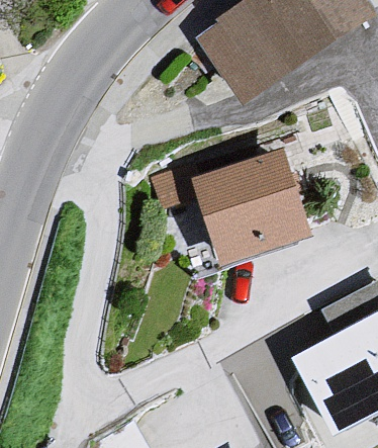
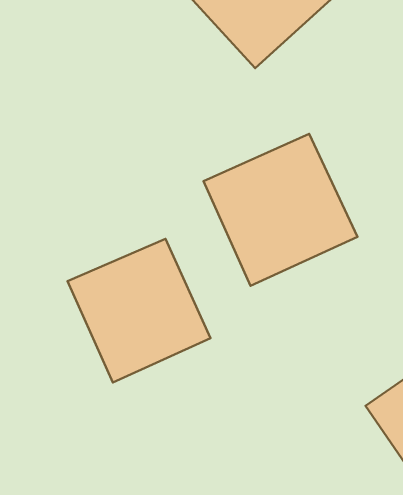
building: none -> [68,239,211,382]

